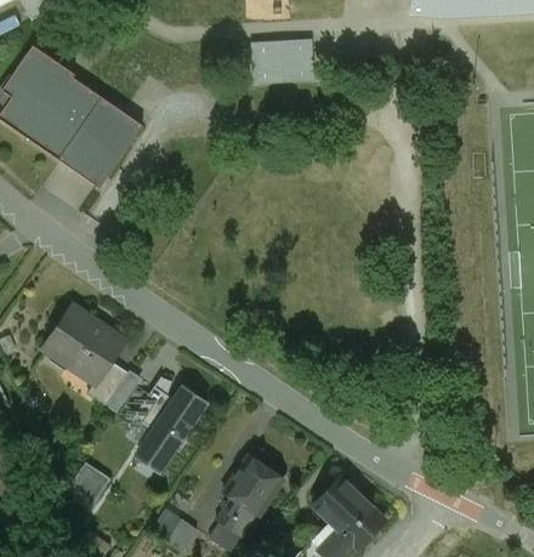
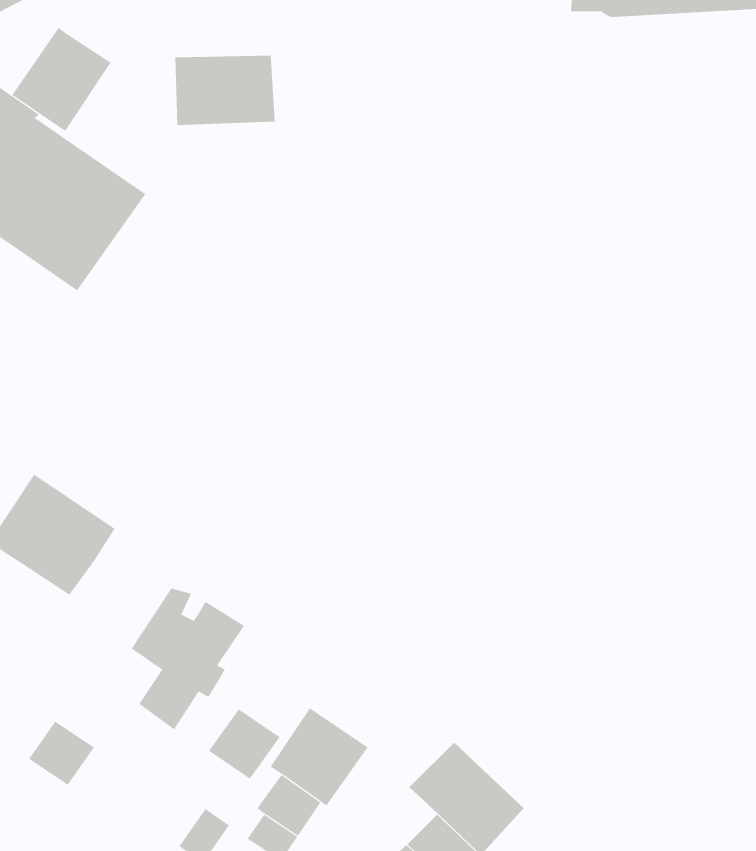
building: none -> [12,27,111,132]
building: [255,38,319,83] -> [175,55,275,126]
building: [87,360,127,405] -> none
building: none -> [208,708,280,780]

